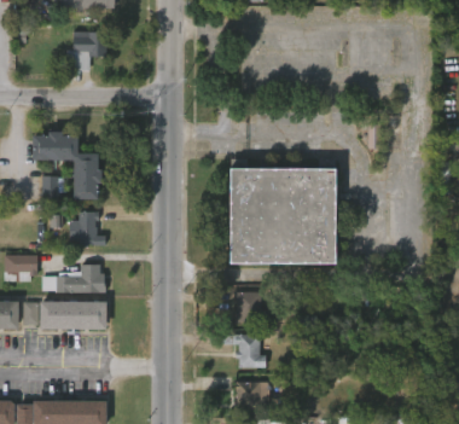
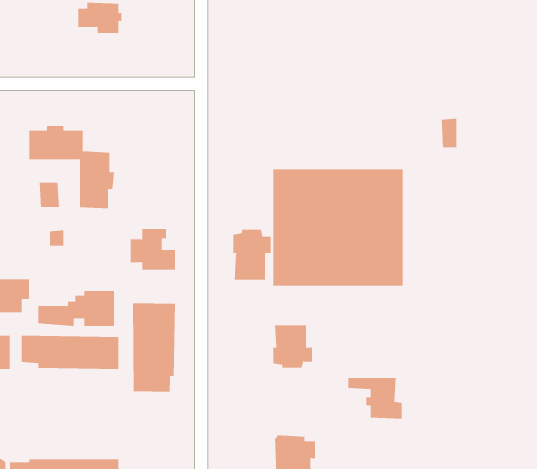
building: [69,211,106,245] -> [130,229,176,270]
building: none -> [233,229,271,281]
building: none -> [133,303,175,392]
building: [217,336,262,370] -> [347,378,403,419]

